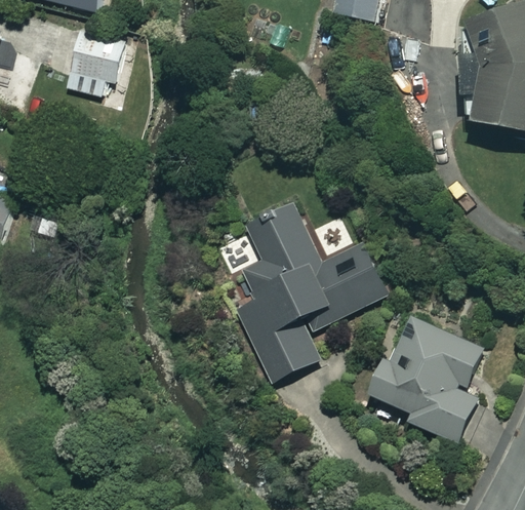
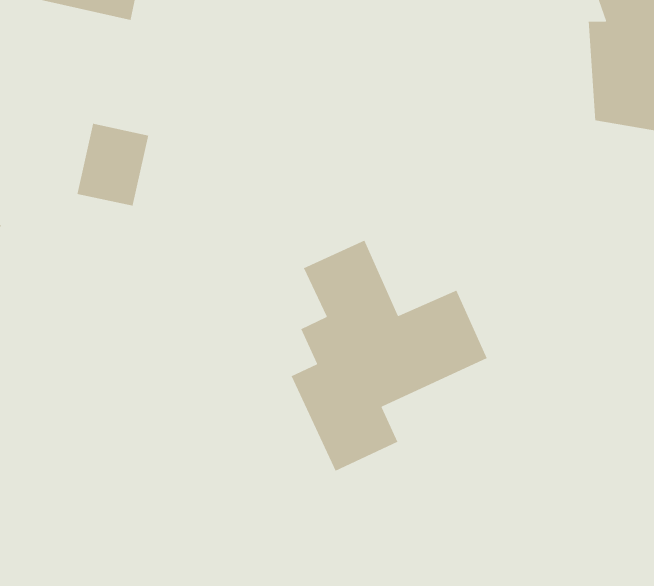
building: [66,34,121,97] -> [76,123,149,207]
building: [369,314,483,441] -> none

